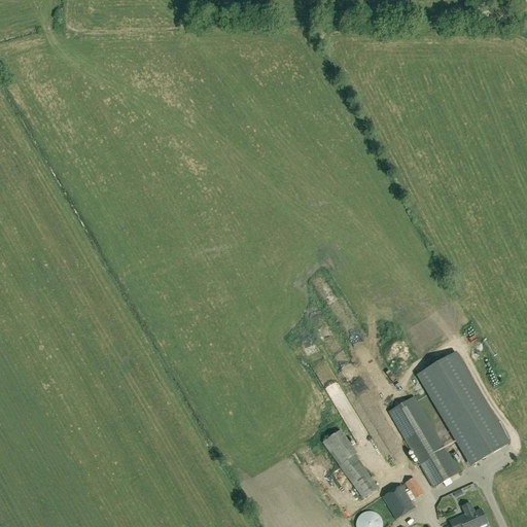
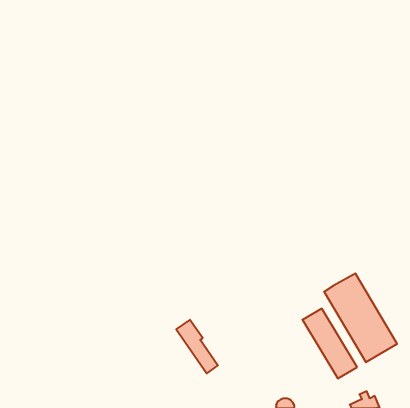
building: [324,428,378,497] -> [176,320,218,373]
building: [382,478,423,519] -> none

